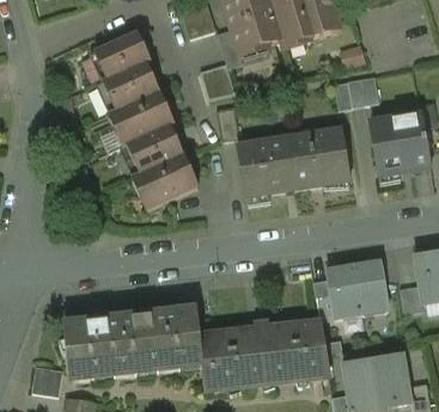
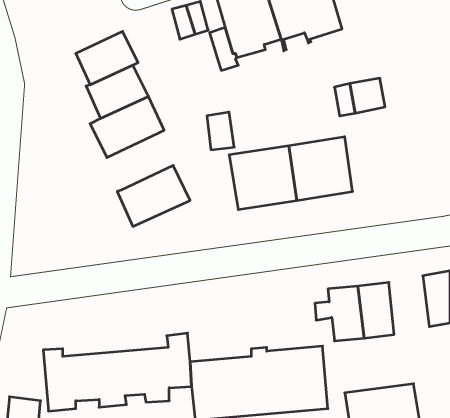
building: [200,62,234,99] -> none
building: [368,113,429,172] -> none
building: [122,123,183,176] -> none

